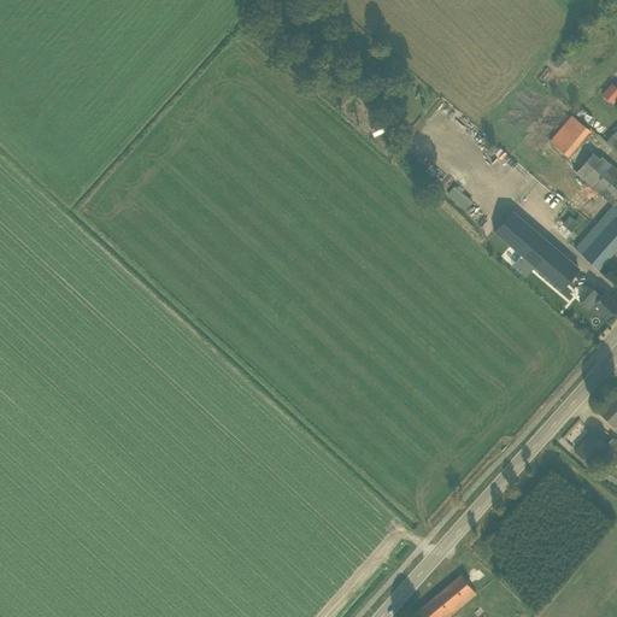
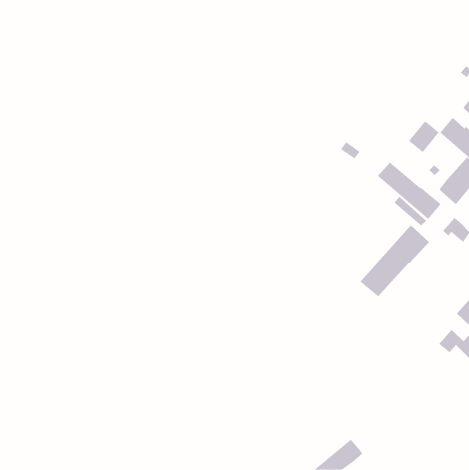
building: [551,116,592,158] -> [408,120,440,153]
building: none -> [360,225,430,297]

